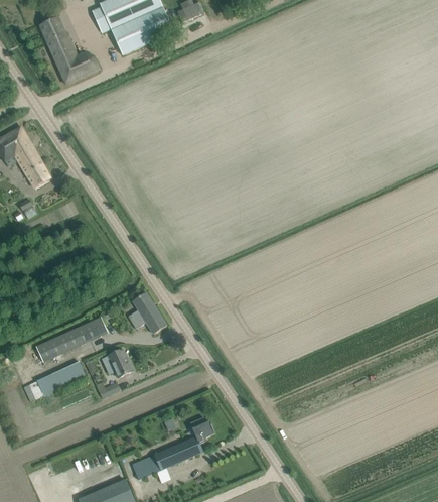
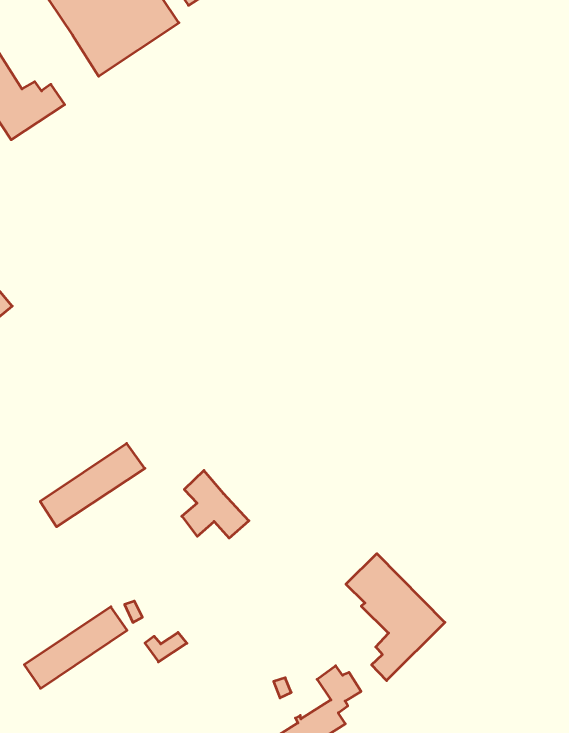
building: [35,322,99,363] -> [40,443,145,527]
building: [101,348,132,377] -> none
building: none -> [346,554,445,681]

